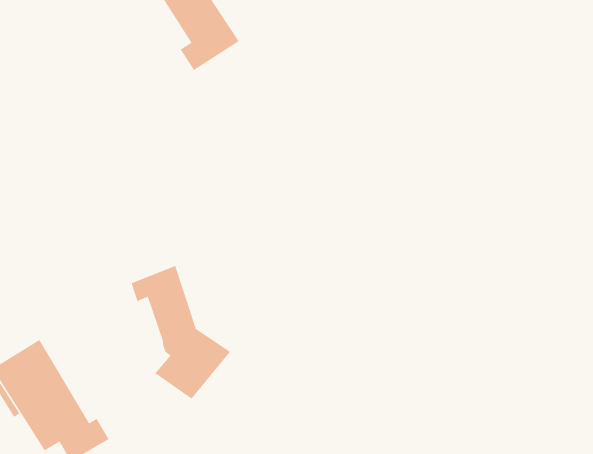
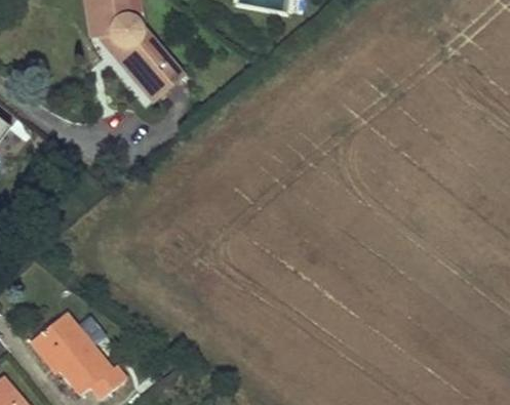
building: [131,265,231,400] -> none

